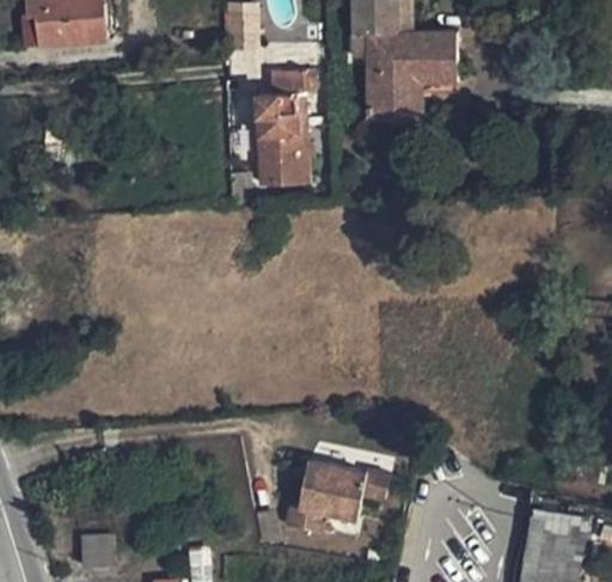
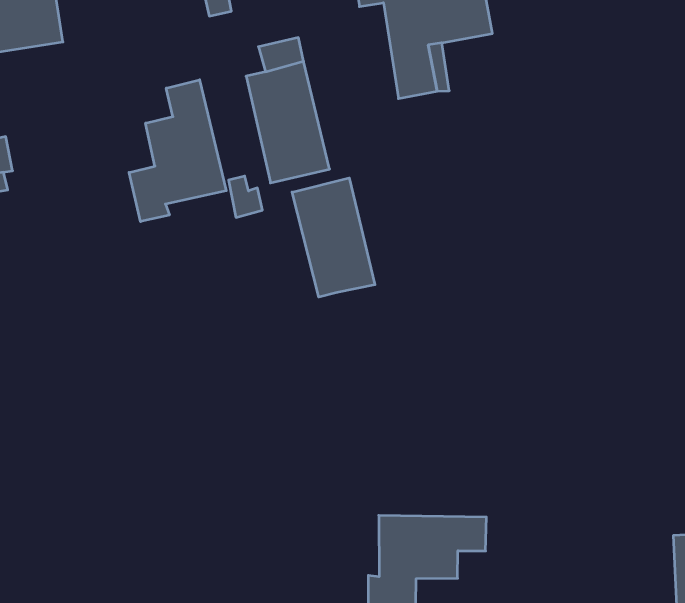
building: none -> [129,80,226,222]
building: none -> [292,178,375,297]

